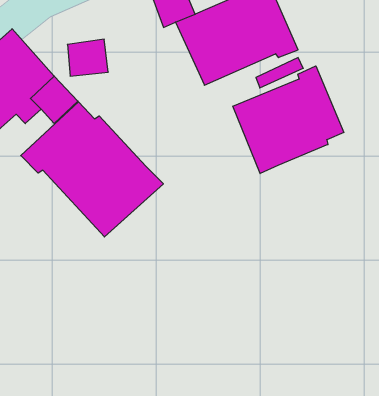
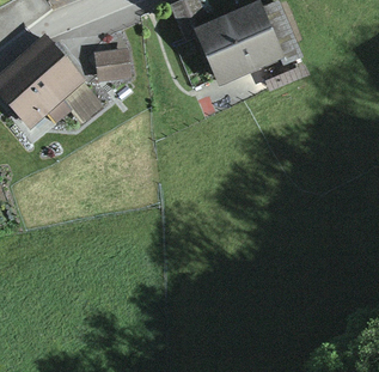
building: [233,66,344,174] -> none
building: [21,102,163,237] -> none

